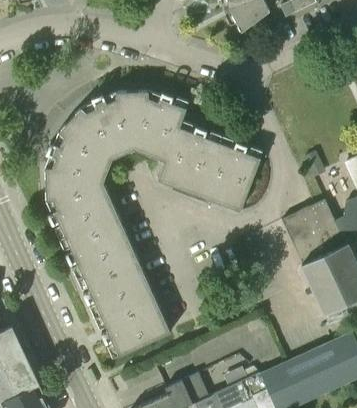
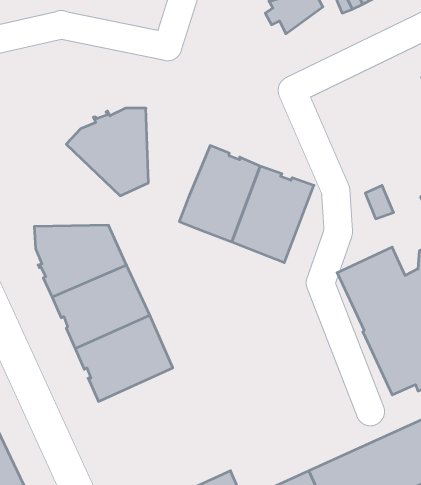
building: [132,91,189,161] -> none
building: [45,119,112,183] -> none
building: [95,293,170,358] -> none

